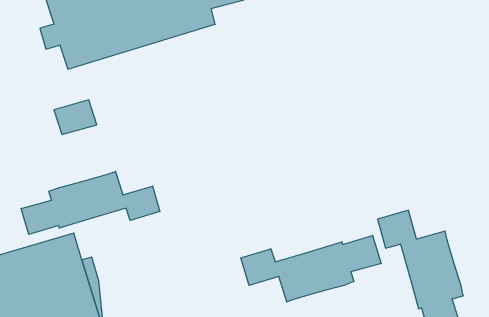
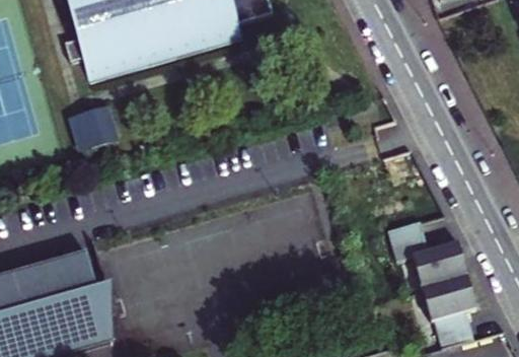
building: [21,171,160,234] -> none
building: [241,235,381,302] -> none

